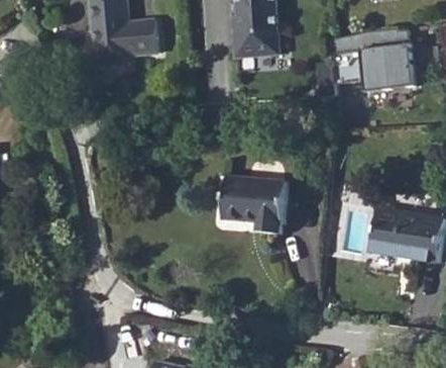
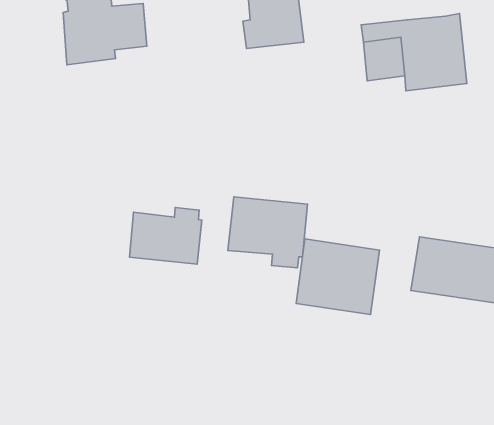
building: none -> [130,208,202,264]
building: none -> [296,239,379,315]

